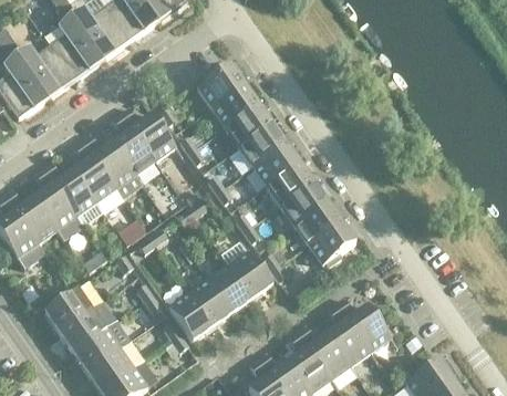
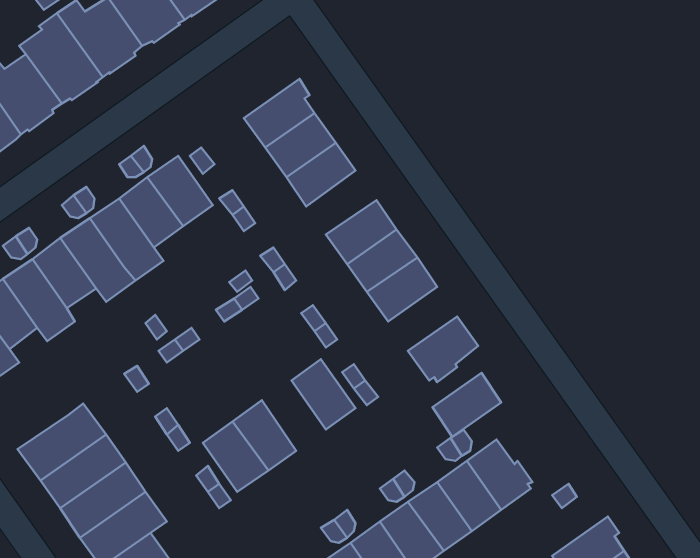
building: [238,123,286,166] -> none
building: [293,201,340,244] -> [432,373,501,437]
building: [208,264,251,312] -> none

